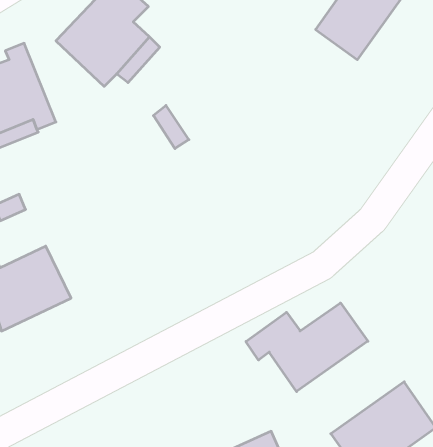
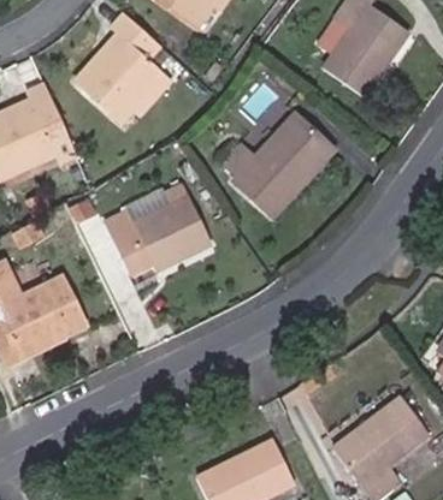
building: none -> [222,112,327,218]
building: none -> [104,180,211,270]
building: [246,303,368,392] -> none

